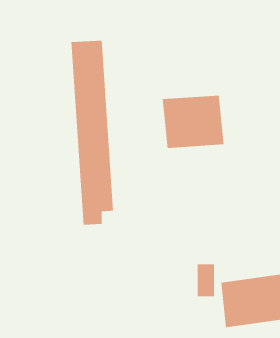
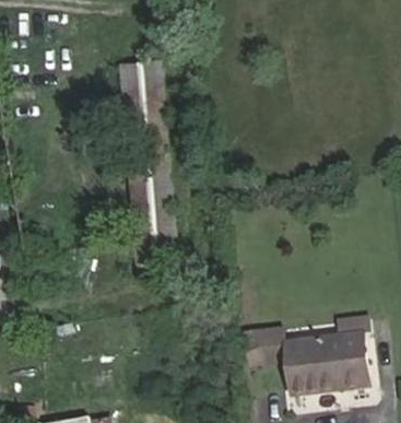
building: [162,95,224,149] -> none

